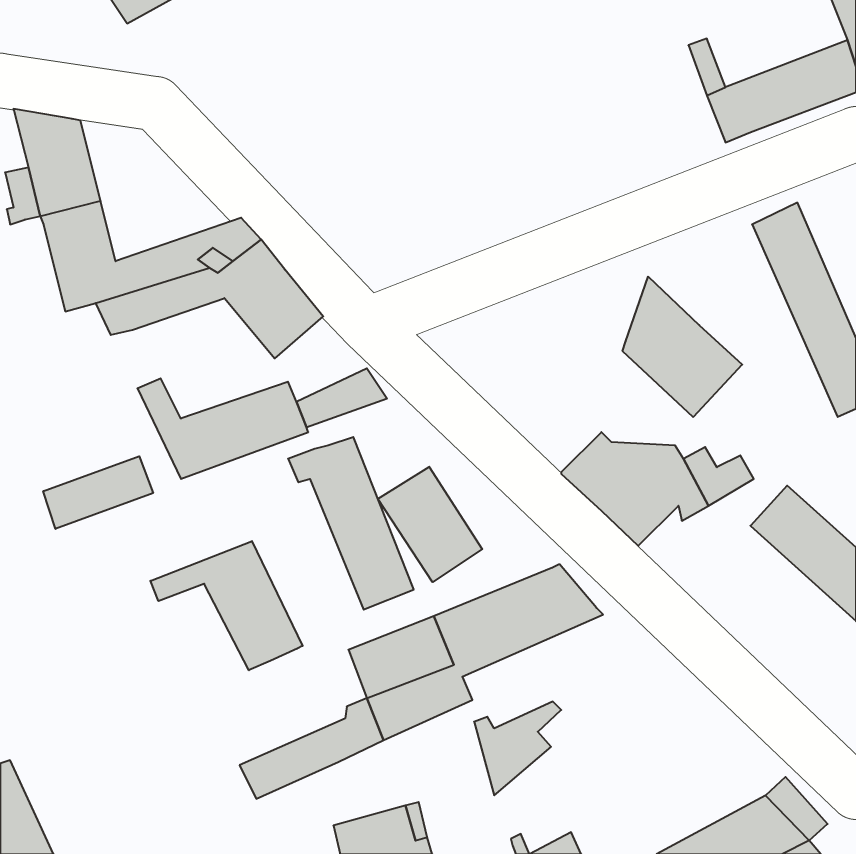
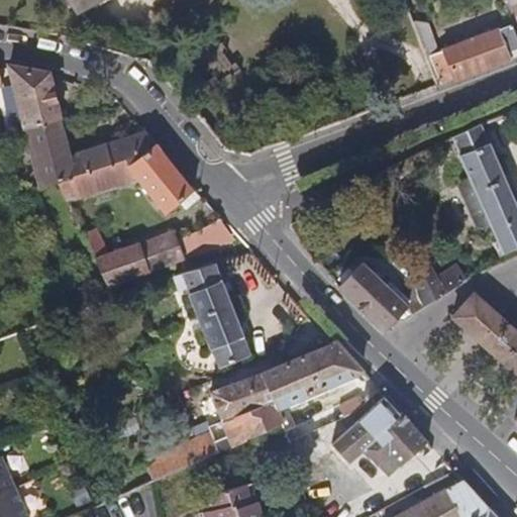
building: [623,277,742,417] -> none
building: [43,456,153,529] -> none
building: [378,467,482,582] -> none
building: [150,541,303,670] -> none
building: none -> [331,395,427,489]

